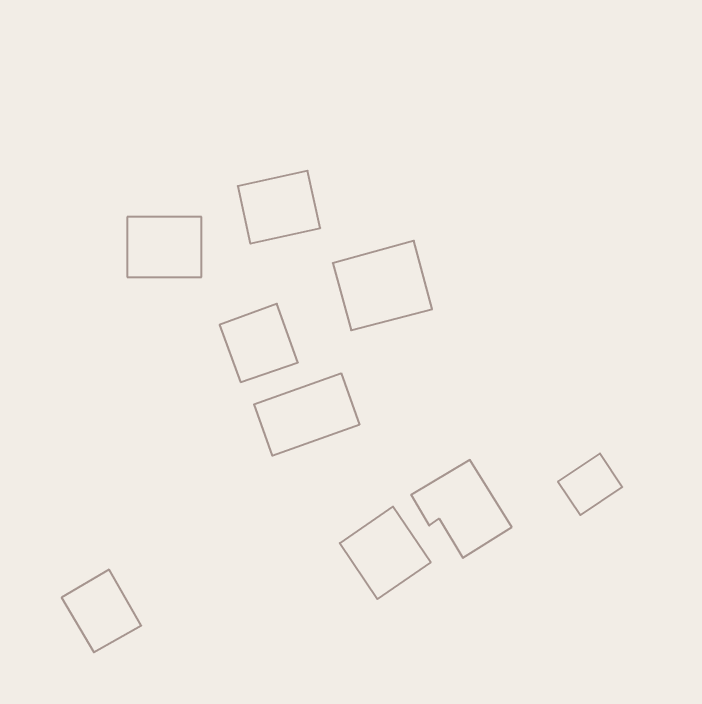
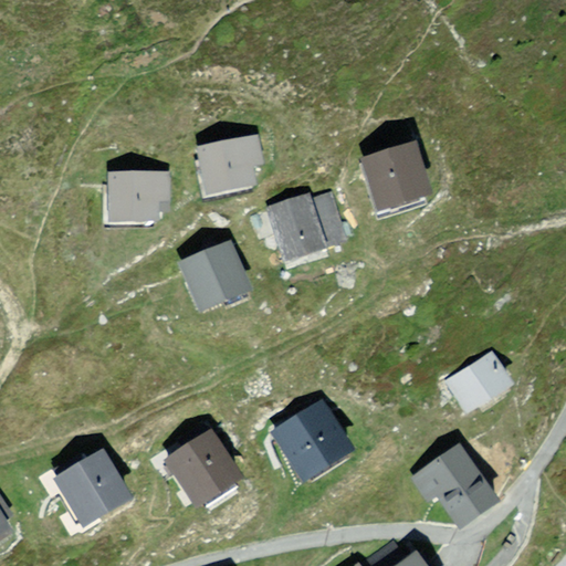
building: none -> [363,144,421,203]
building: [254,373,359,456] -> none
building: [411,460,512,558] -> [413,448,493,525]
building: none -> [167,439,231,501]

